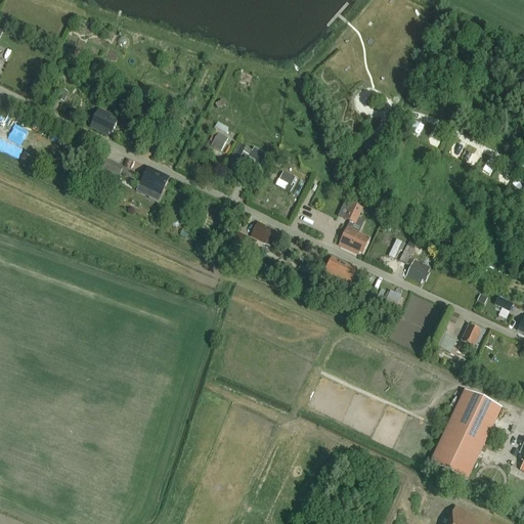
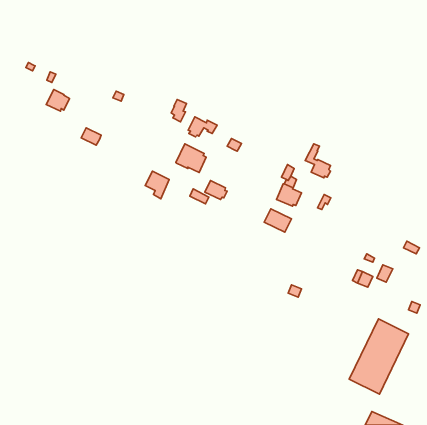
building: [90,107,119,134] -> [46,89,70,111]
building: [139,167,169,201] -> [145,171,169,199]
building: none -> [176,144,206,172]
building: [399,239,430,281] -> [305,144,330,178]

